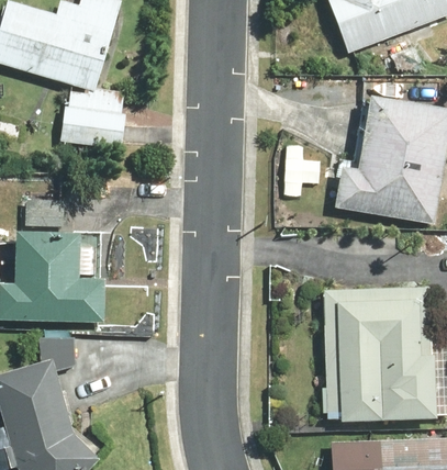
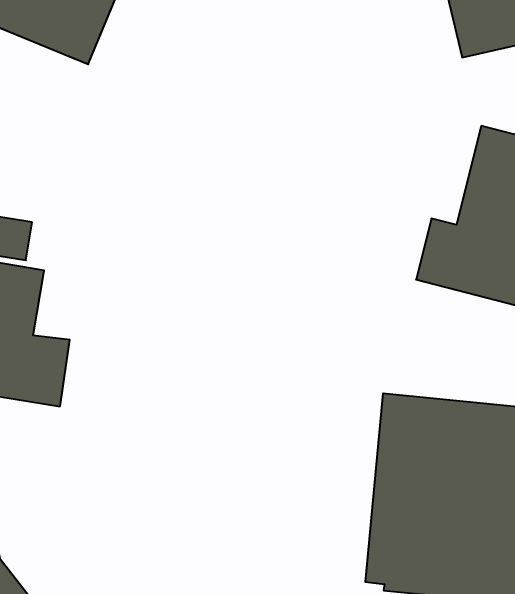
building: [59,90,128,144] -> none

